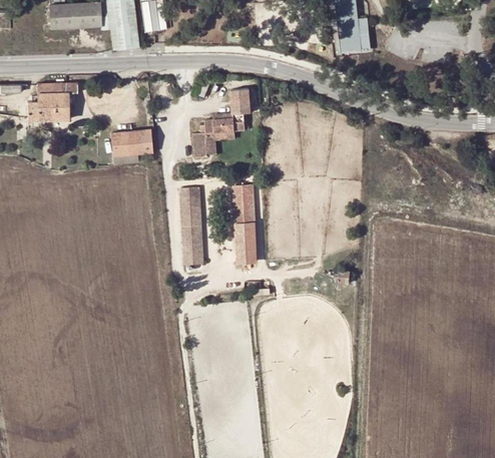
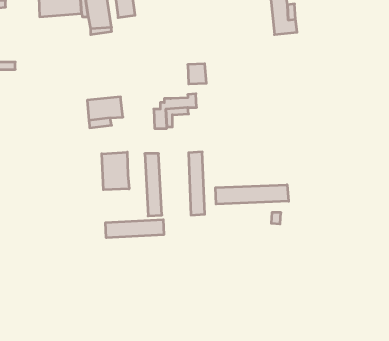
building: [27,78,77,117] -> none
building: none -> [102,152,129,190]
building: none -> [216,185,289,204]
building: none -> [106,220,164,238]

